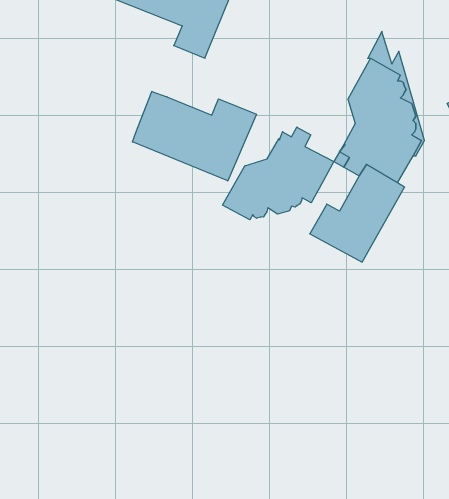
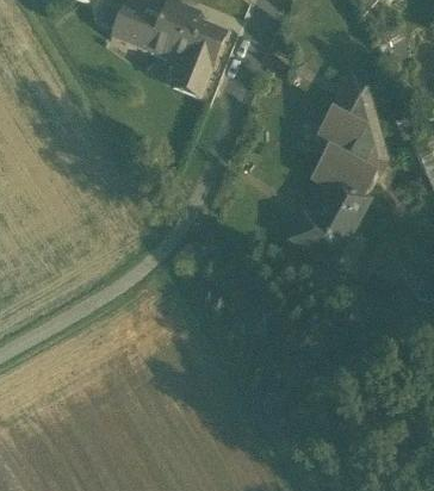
building: [132,91,257,181] -> none
building: [223,127,334,220] -> none

